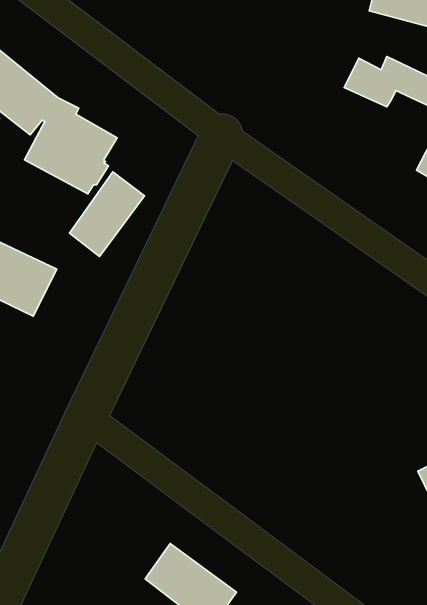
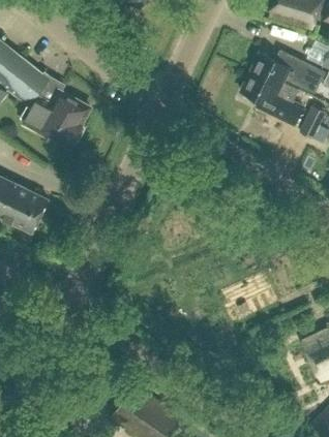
building: none -> [241,73,304,126]
building: [70,172,144,256] -> none

